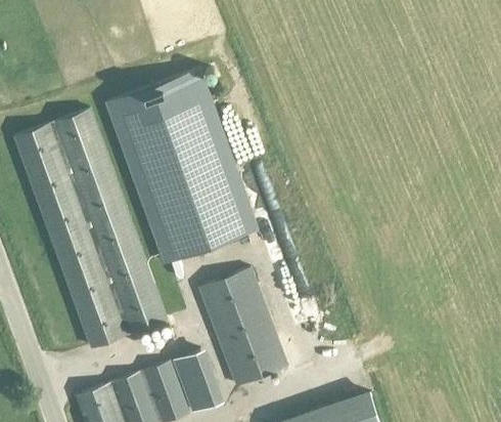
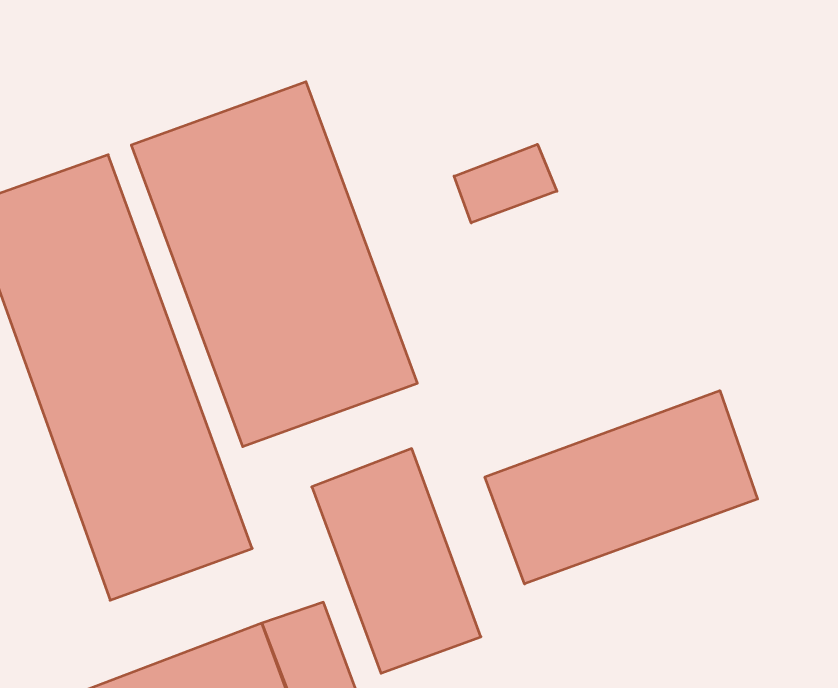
building: none -> [454,144,557,223]
building: none -> [485,391,758,584]

